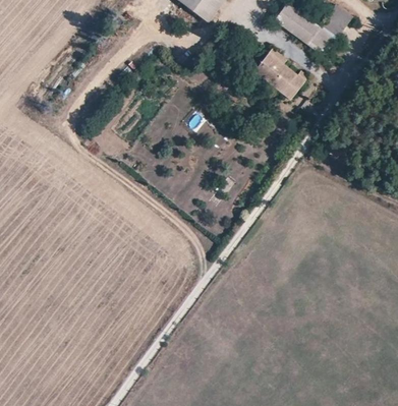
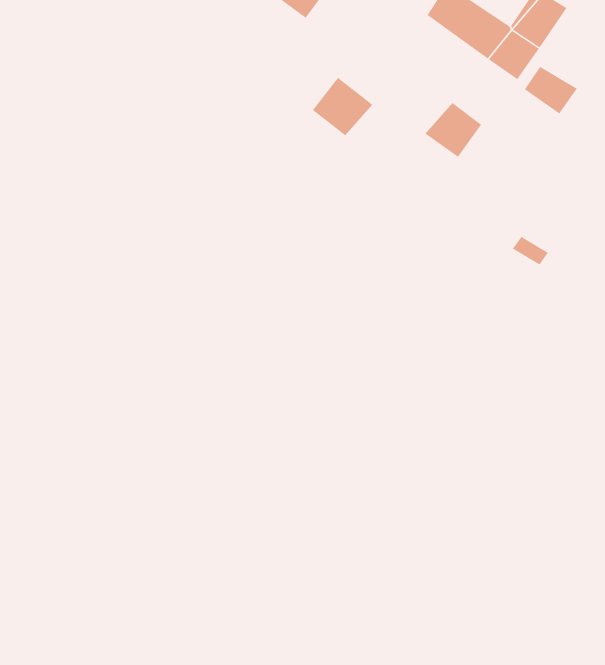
building: none -> [524,66,578,115]
building: [253,51,287,83] -> [312,77,373,136]

